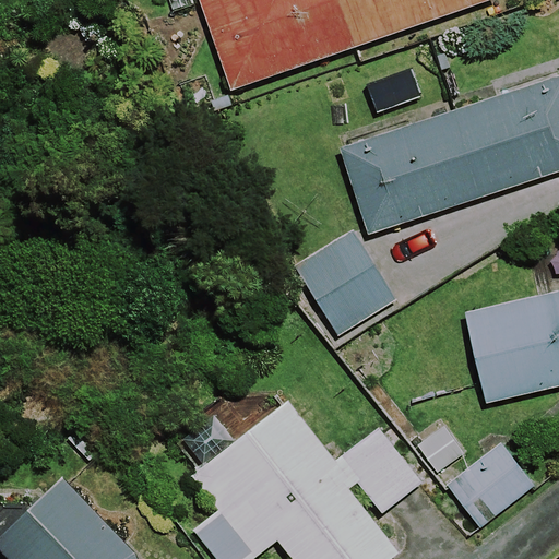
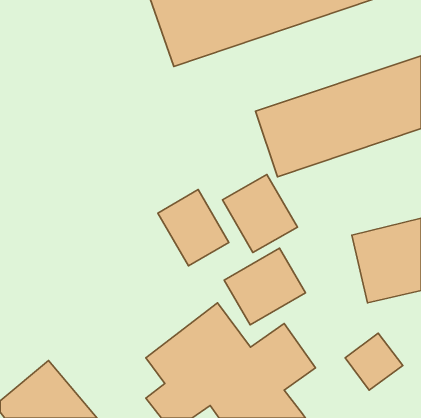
building: none -> [158,190,229,266]
building: none -> [224,248,305,325]

